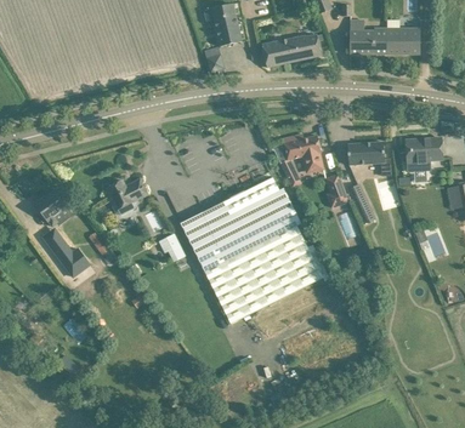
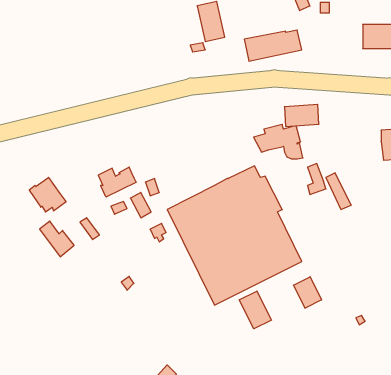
building: [348,19,386,53] -> none
building: [347,142,384,165] -> [284,104,319,126]
building: none -> [294,277,322,308]
building: none -> [239,291,271,329]

